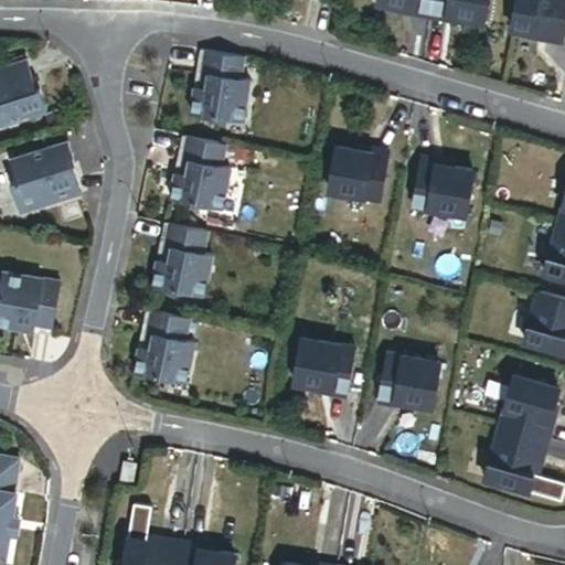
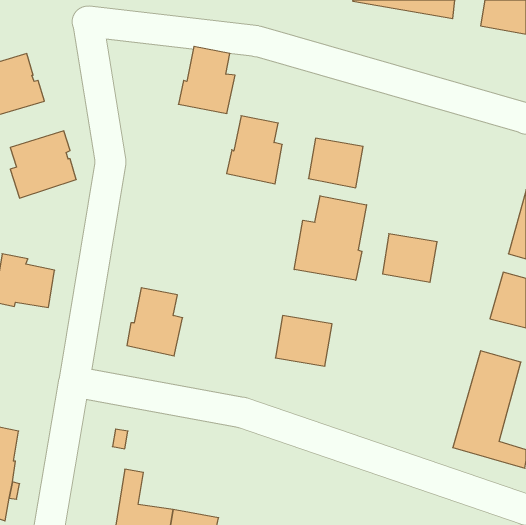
building: [171,137,231,210] -> [227,116,282,184]
building: [414,166,472,217] -> [383,234,437,282]
building: none -> [294,196,367,280]
building: [153,224,213,296] -> none
building: [379,355,438,409] -> none

